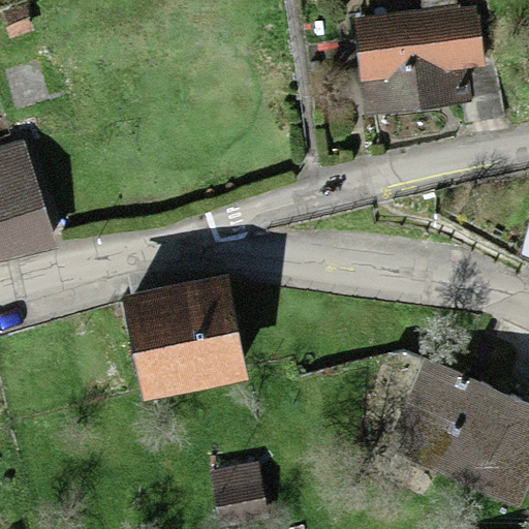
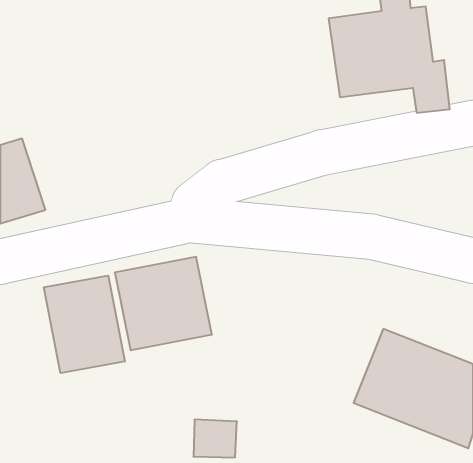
building: none -> [44,276,125,373]

